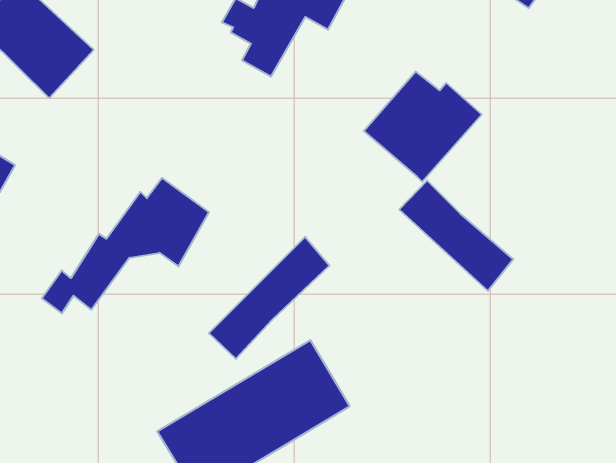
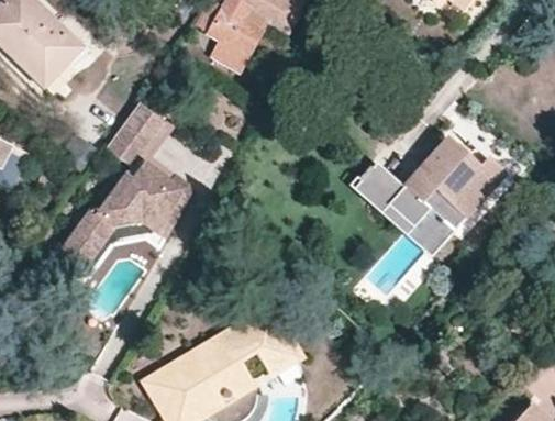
building: [364,71,482,182] -> [403,136,506,232]
building: none -> [108,99,168,164]
building: [209,237,330,359] -> none

